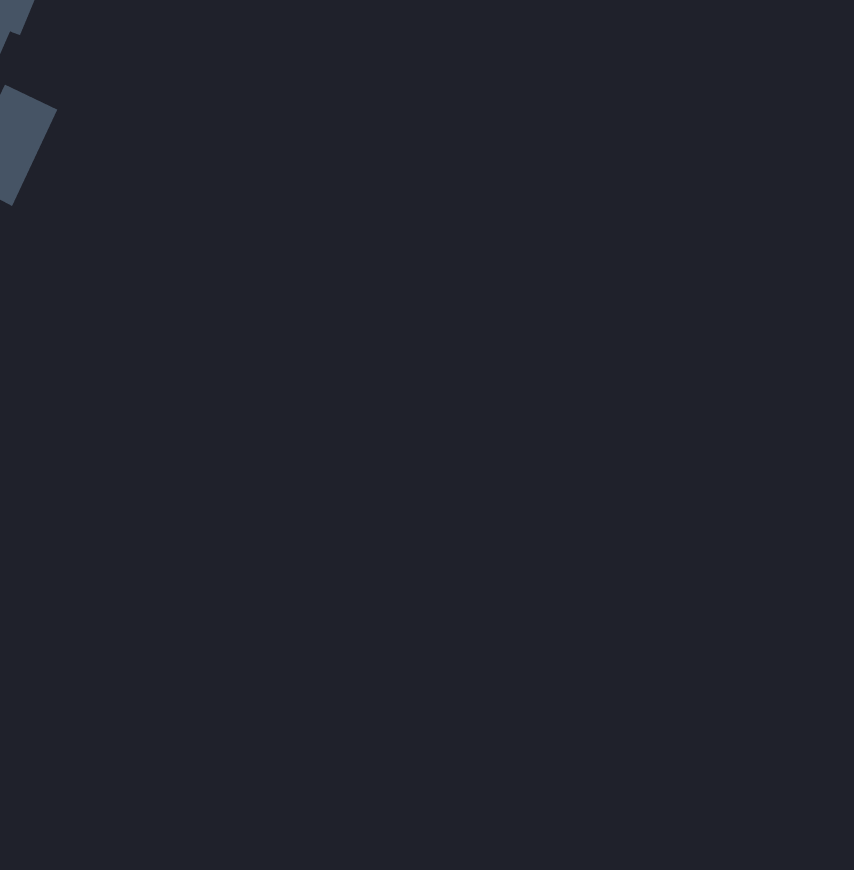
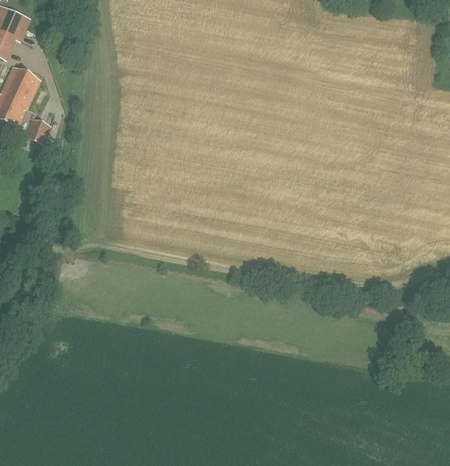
building: none -> [24,117,52,145]

